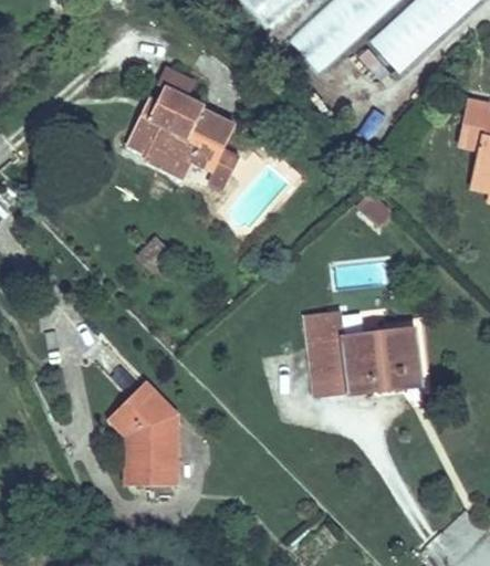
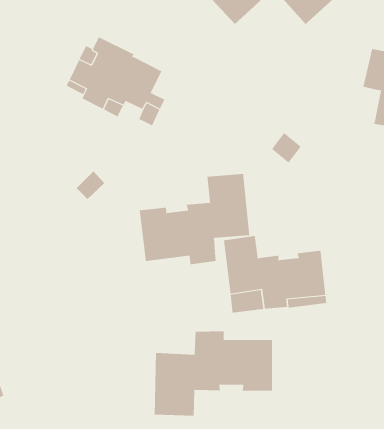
building: none -> [139,173,250,265]
building: [115,381,177,484] -> none
building: none -> [154,330,272,417]

